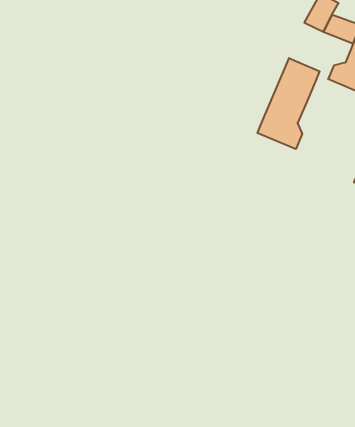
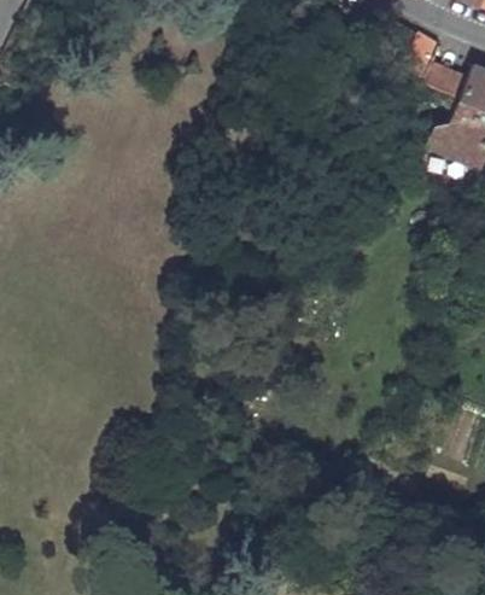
building: [257,58,320,149] -> none

